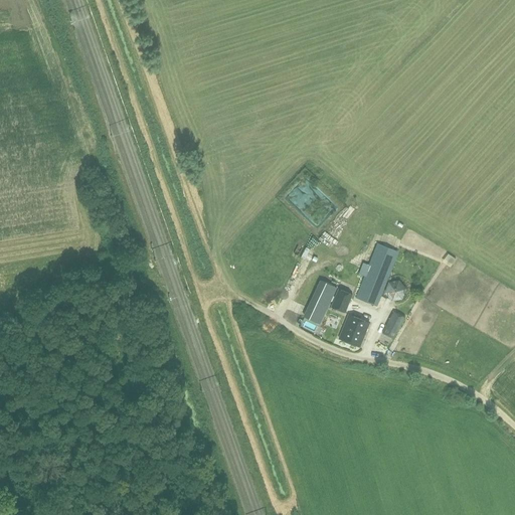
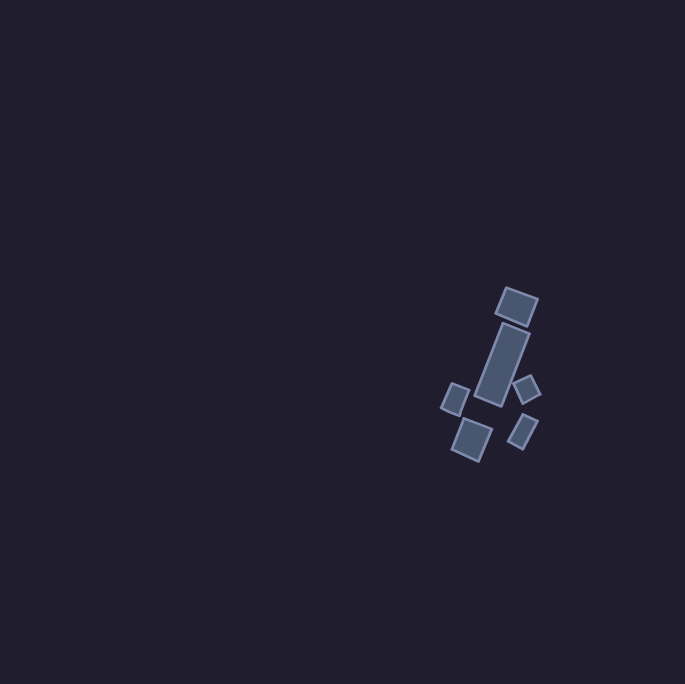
building: none -> [496,288,538,326]
building: [303,279,336,323] -> none

